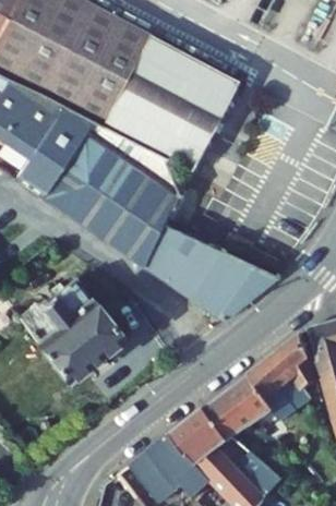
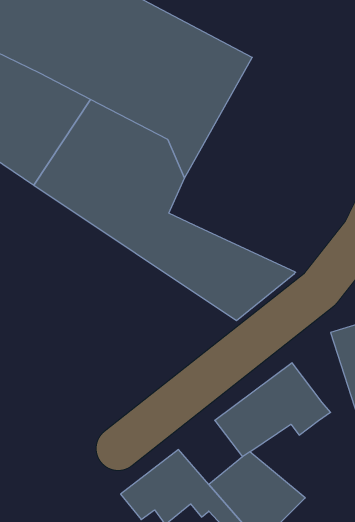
building: [17,280,121,381] -> none
building: [273,335,317,401] -> none
building: [170,409,228,467] -> none

